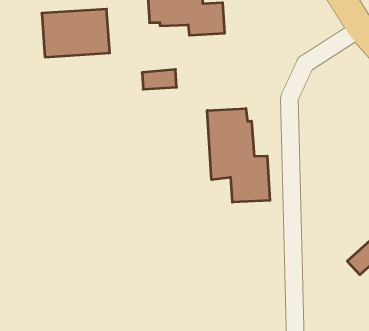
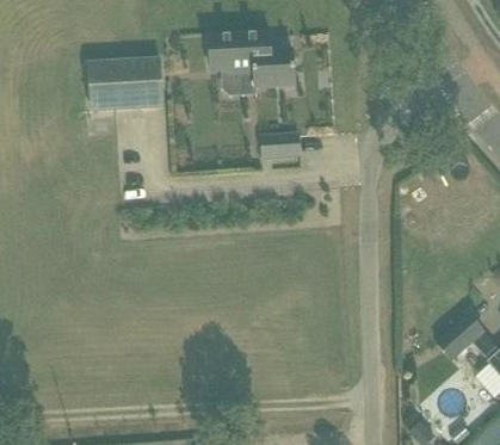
building: [142,69,177,89] -> [261,132,301,155]
building: [207,108,270,202] -> none

